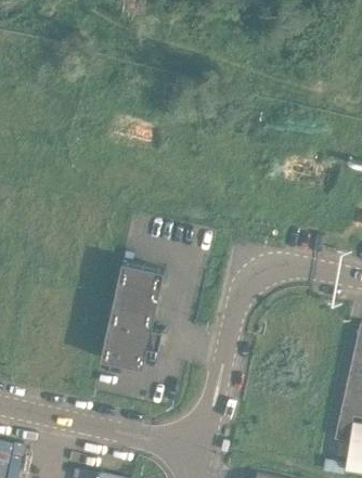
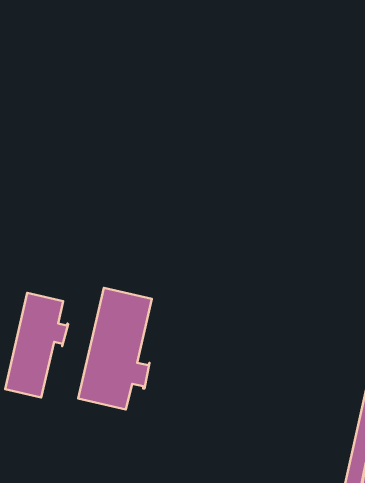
building: none -> [5,293,68,397]

